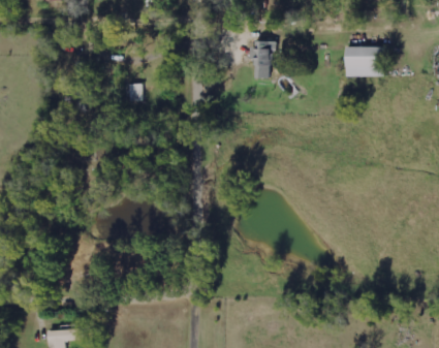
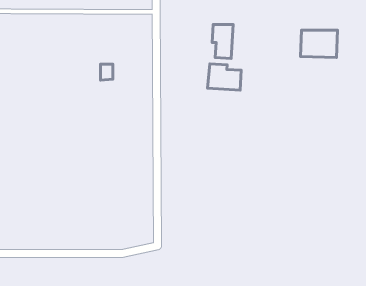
building: none -> [207,64,241,90]

